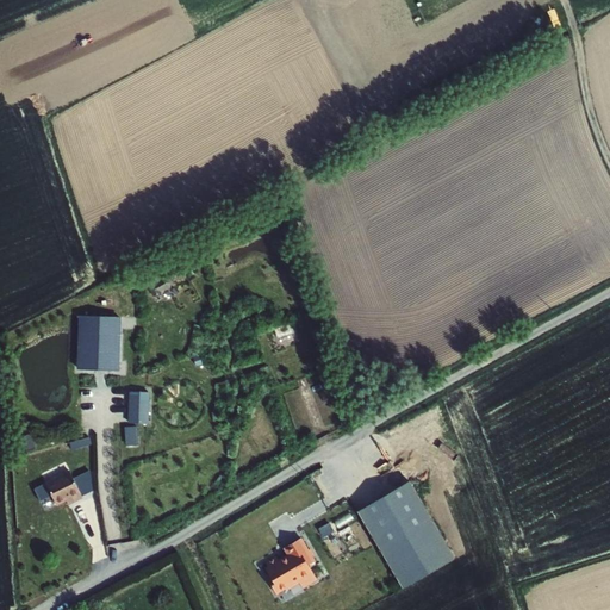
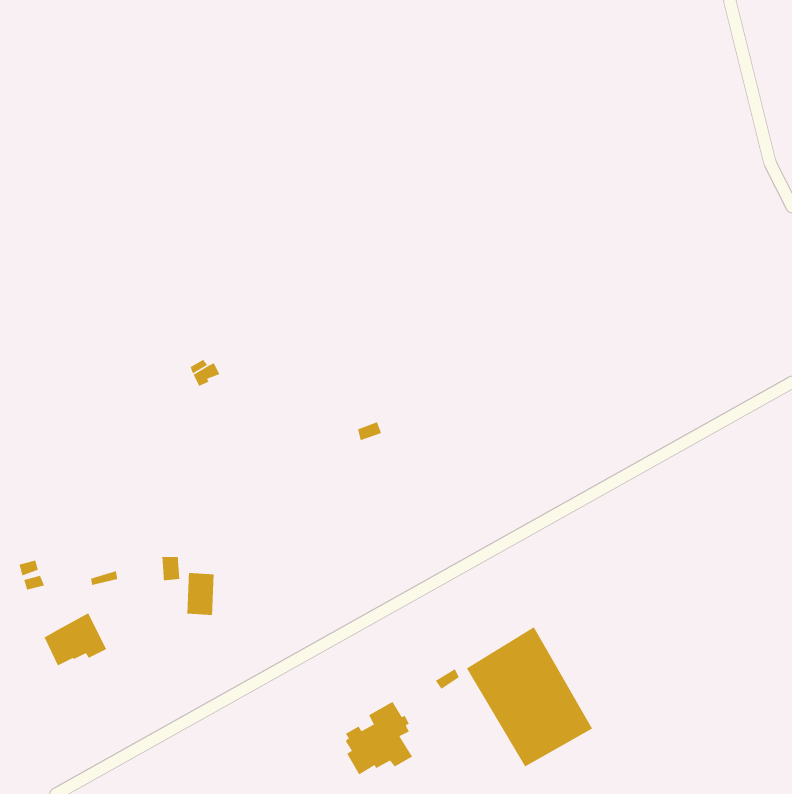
building: [76,315,120,371] -> none
building: [127,391,149,424] -> [187,572,215,616]

